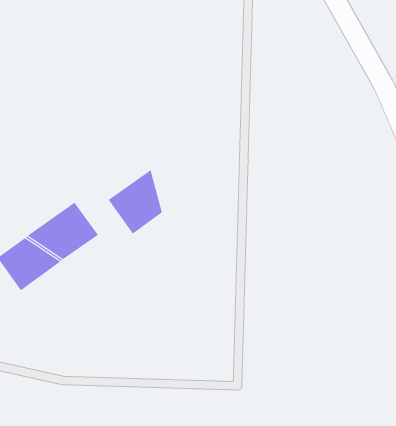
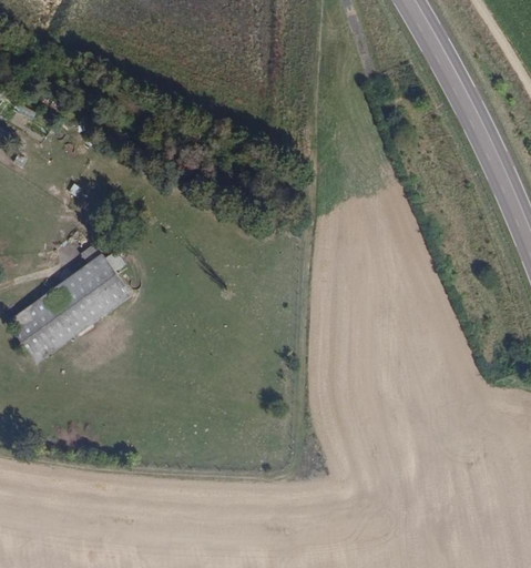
building: [108,169,163,234] -> none

